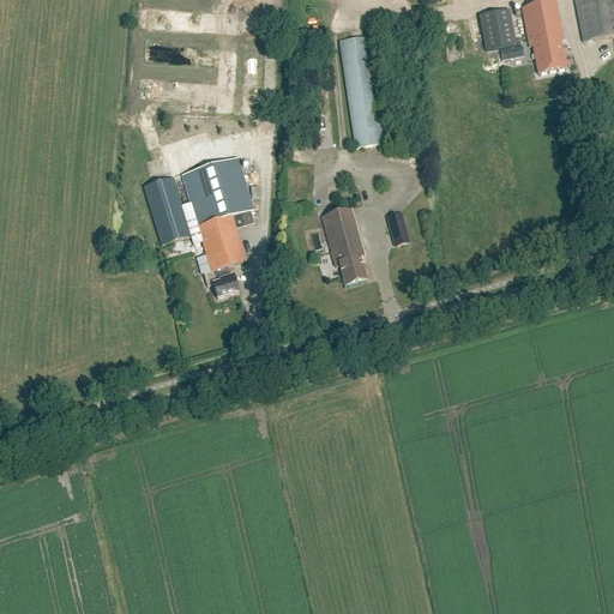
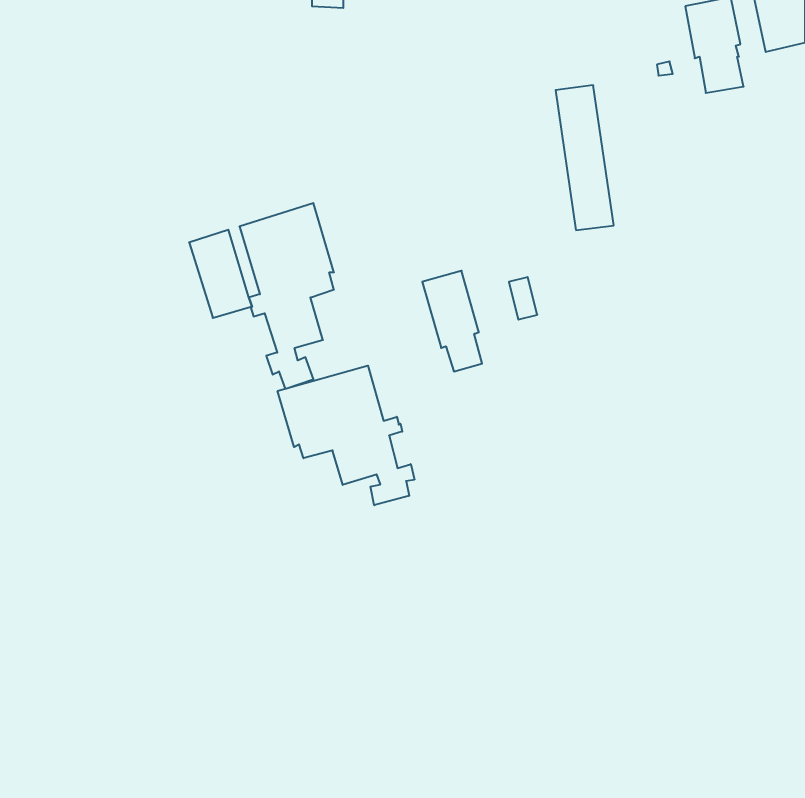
building: [478,7,516,48] -> none
building: [339,35,384,145] -> [556,85,614,230]
building: none -> [278,366,414,505]

